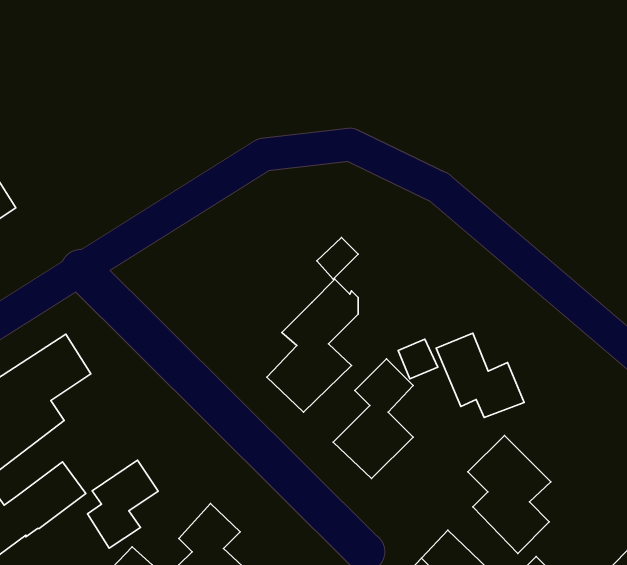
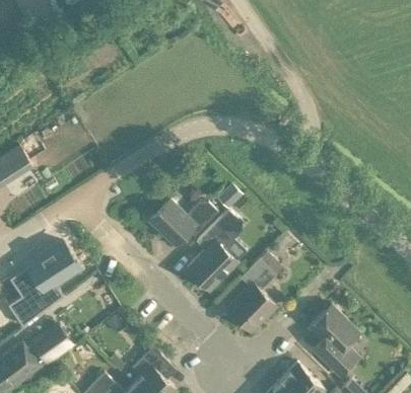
building: none -> [147,200,216,246]
building: [436,333,524,418] -> none
building: [87,460,158,548] -> none

